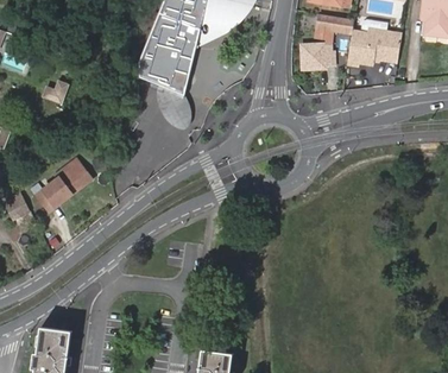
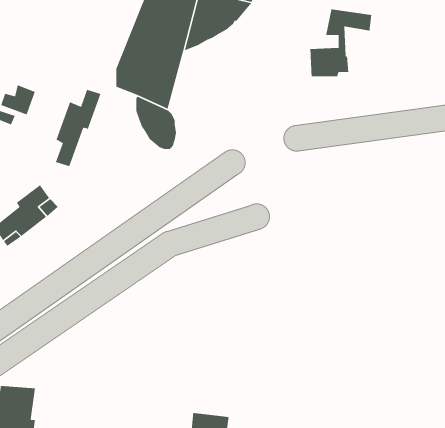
building: [346,27,399,64] -> none
building: none -> [55,89,102,167]

